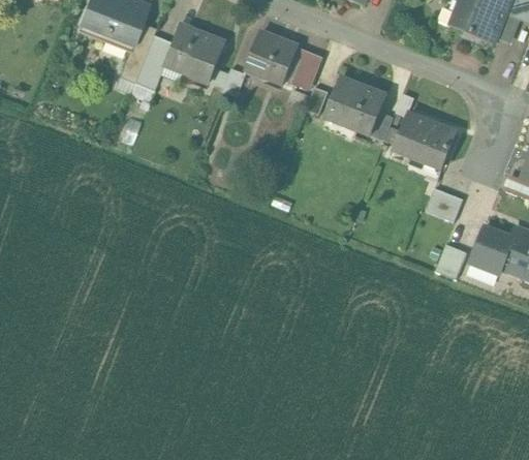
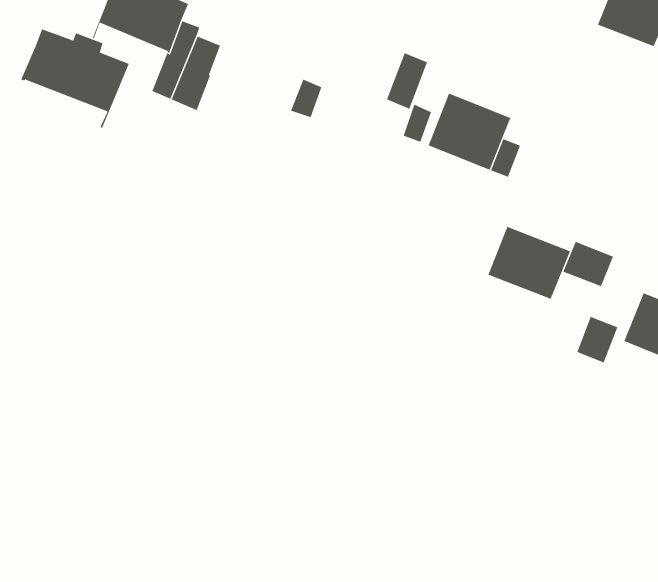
building: [162,24,224,82] -> none
building: none -> [21,28,129,129]
building: [246,31,298,83] -> none
building: [394,113,456,167] -> [487,226,571,300]

